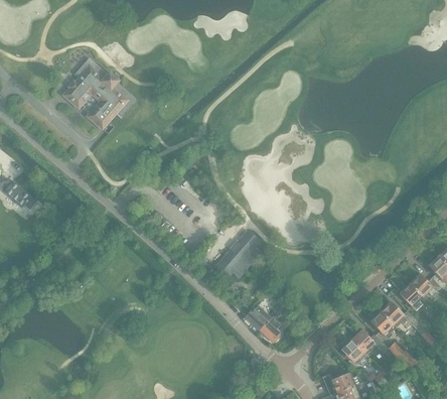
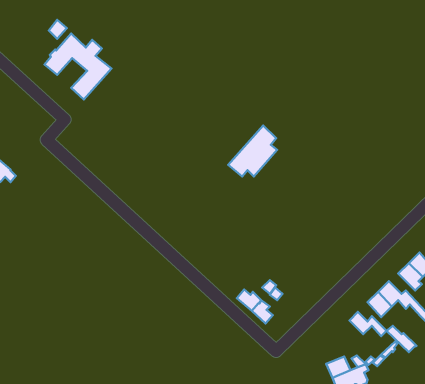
building: [213,229,260,277] -> [228,126,277,177]
building: [339,337,367,364] -> none

